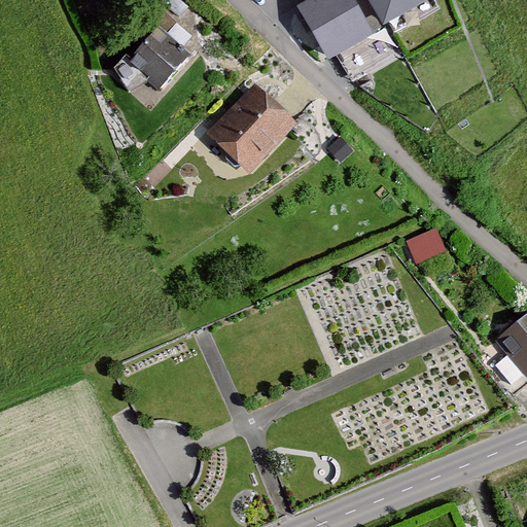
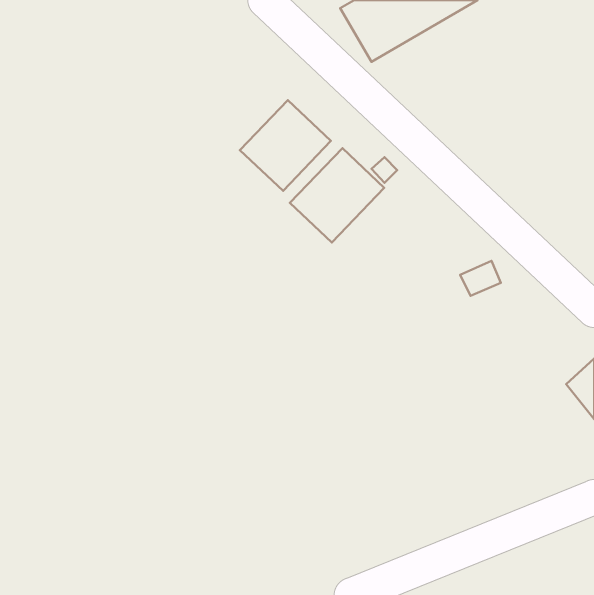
building: [131,32,184,85] -> none
building: none -> [290,148,384,243]

